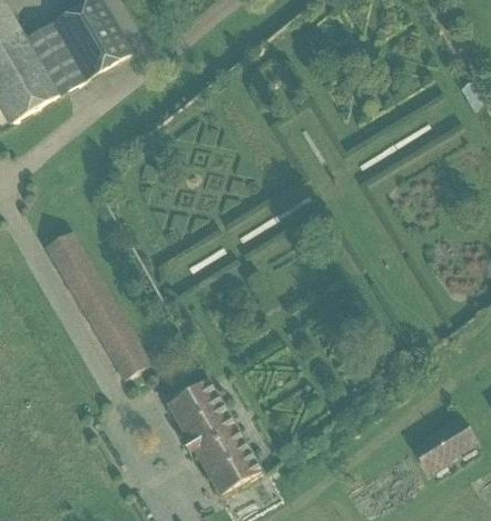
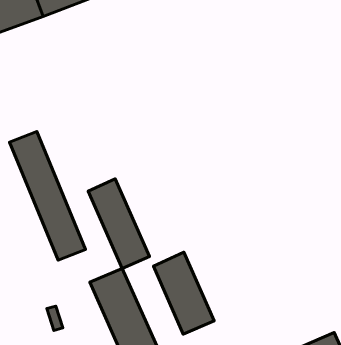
building: none -> [88,179,150,268]
building: none -> [153,252,214,334]

